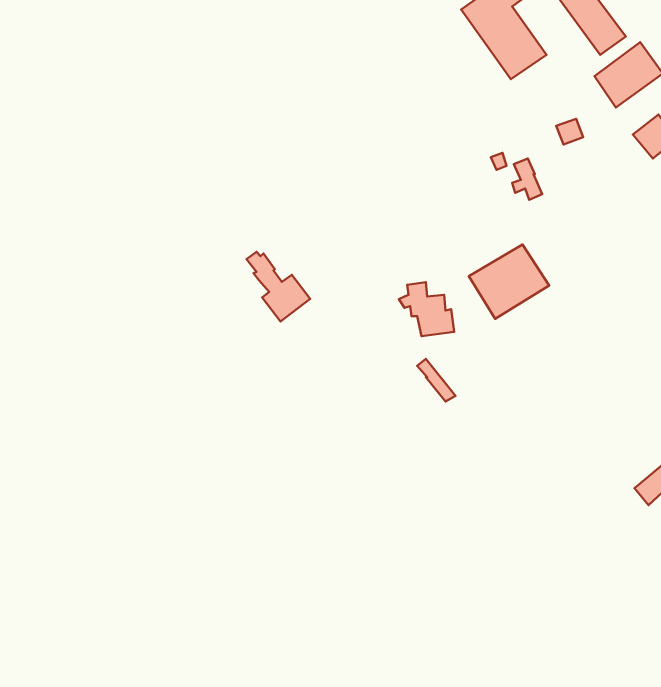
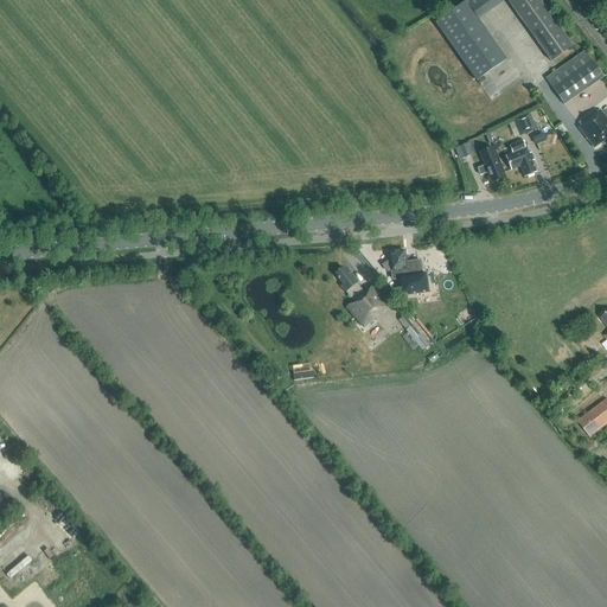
building: none -> [506,139,536,173]
building: [469,244,549,319] -> none
building: [246,252,310,322] -> [334,266,388,324]

